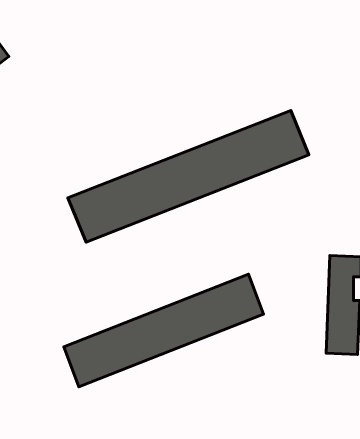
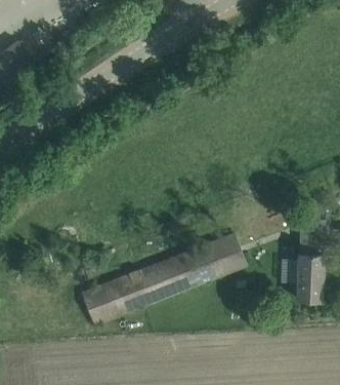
building: [68,110,309,242] -> none

